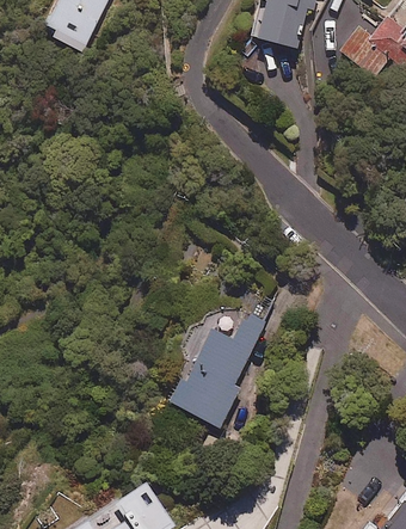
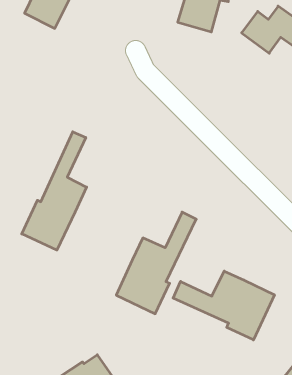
building: none -> [22,132,87,250]
building: none -> [173,271,274,340]

